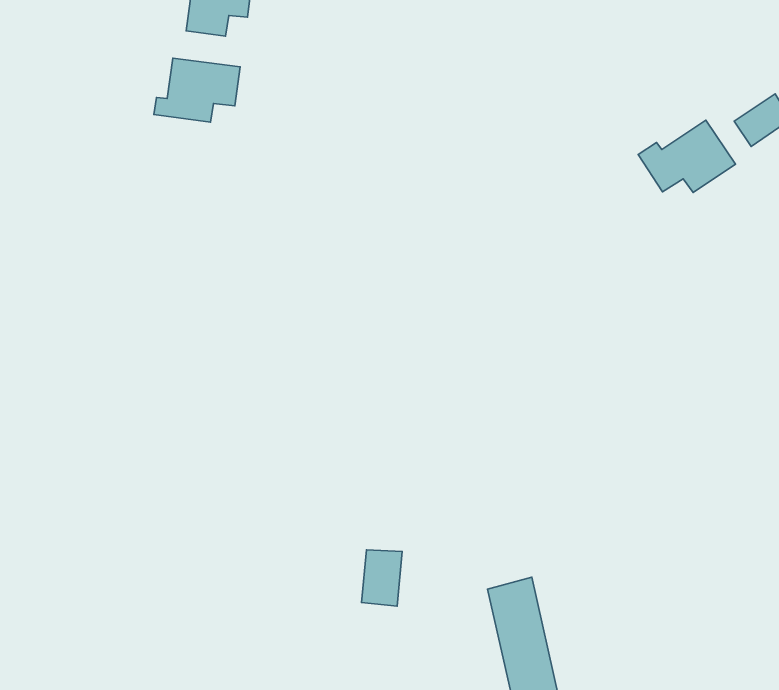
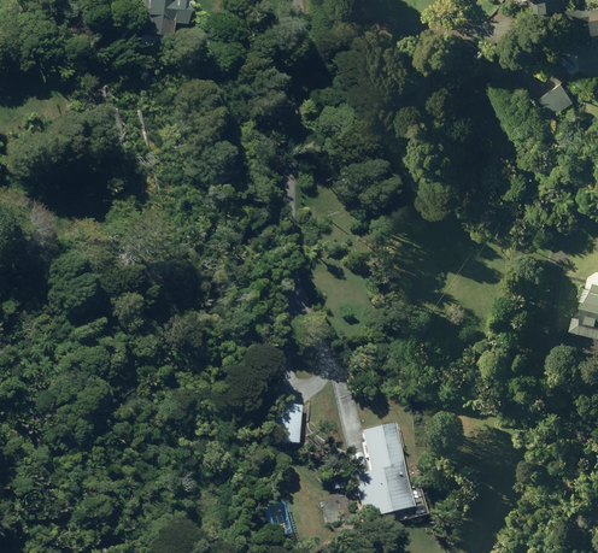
building: [154,58,240,122] -> none
building: [638,120,735,193] -> none

